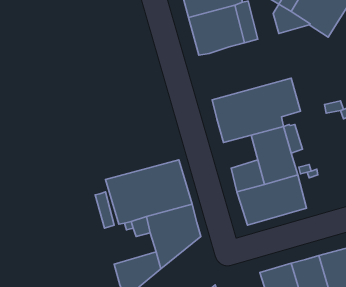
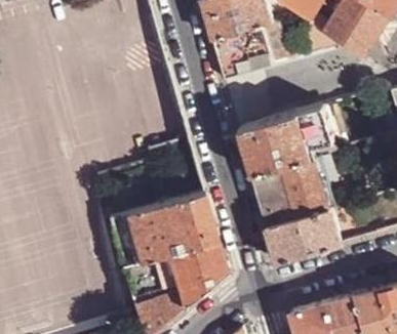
building: none -> [249,165,286,201]

